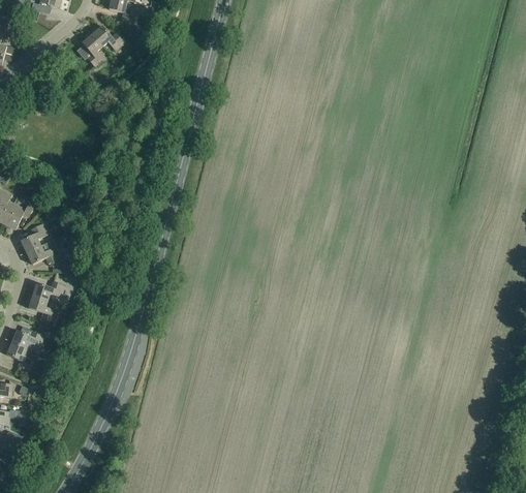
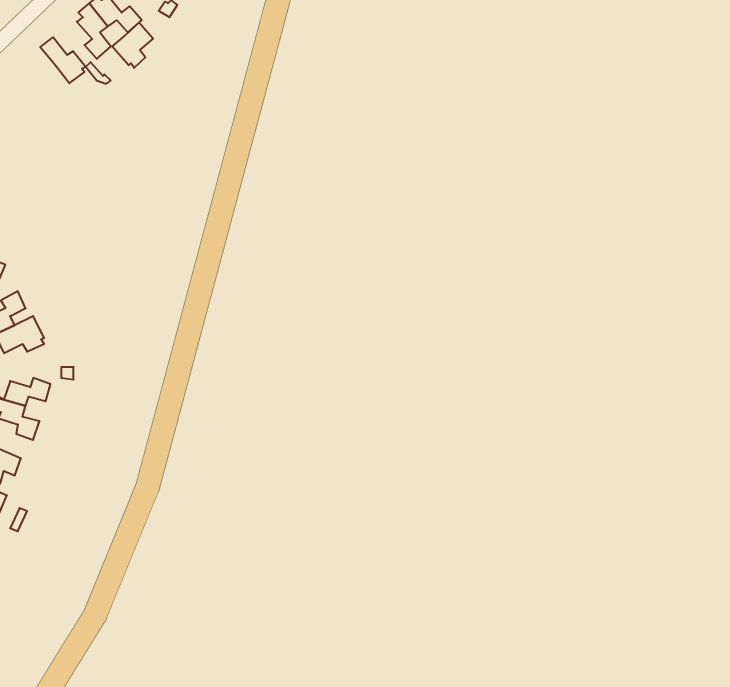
building: none -> [112,23,153,68]
building: none -> [40,37,86,83]

